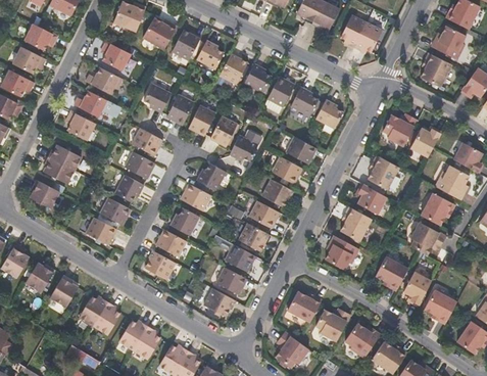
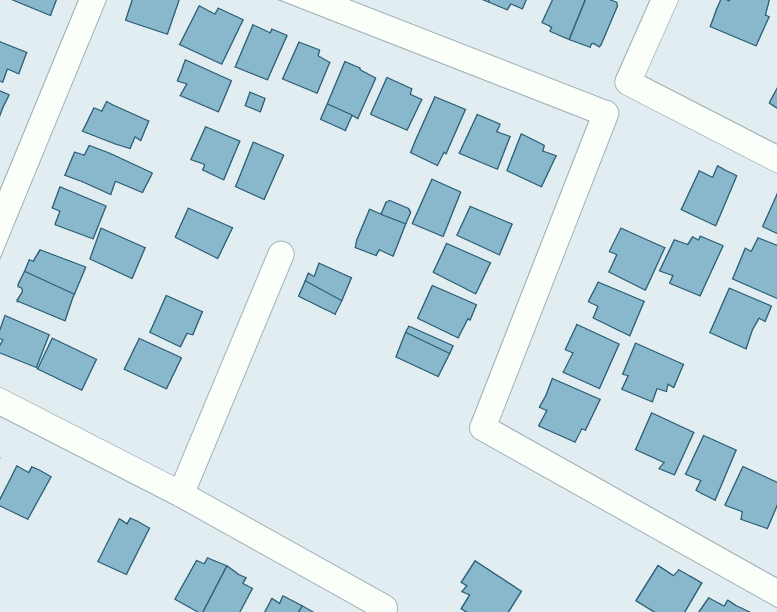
building: [100,42,130,72] -> [177,60,231,112]
building: [421,53,451,87] -> none
building: [188,105,216,137] -> none
building: [382,112,418,145] -> [659,236,723,296]
building: [210,116,238,148] -> [412,179,461,236]
building: [125,151,155,180] -> [90,228,145,278]
building: [181,183,211,212] -> none
building: [171,207,200,236] -> none
building: [85,217,117,246] -> [37,338,97,390]
building: [410,222,445,254] -> [622,343,684,402]
building: [237,223,271,252] -> none
building: [155,229,187,257] -> none
building: [224,244,255,272] -> none
building: [145,250,177,281] -> none
building: [214,268,246,295] -> none
building: [49,275,78,308] -> none
building: [202,288,235,318] -> none
building: [287,290,322,323] -> none
building: [93,301,120,335] -> none
building: [315,308,350,341] -> none
building: [344,322,381,358] -> none

